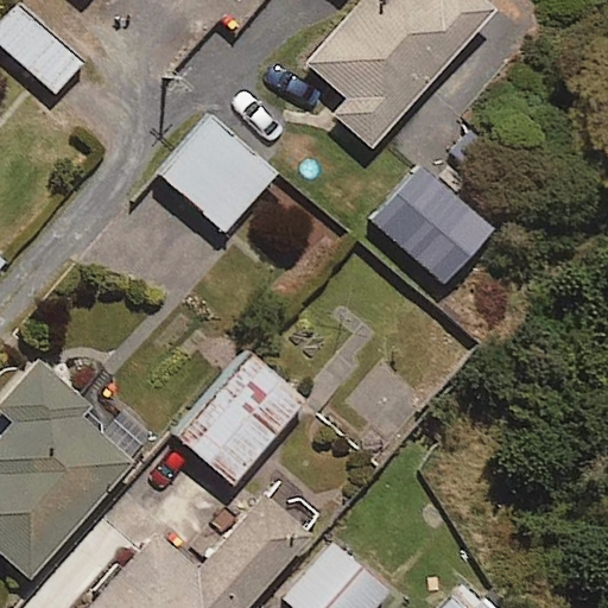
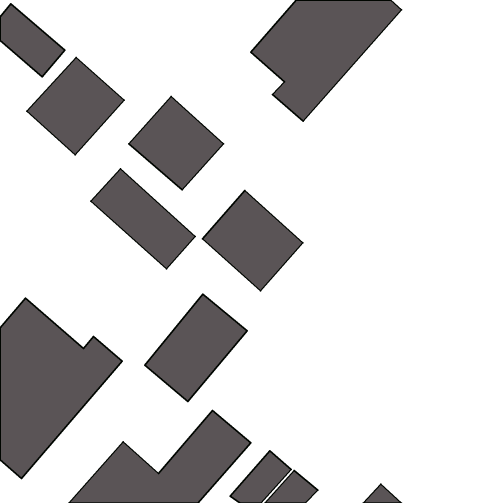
building: none -> [27,58,124,155]
building: [370,166,492,287] -> [202,191,303,291]
building: none -> [91,169,195,269]

